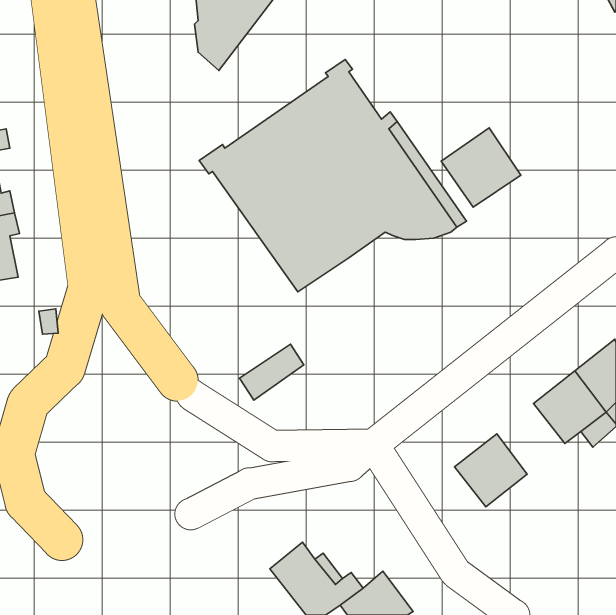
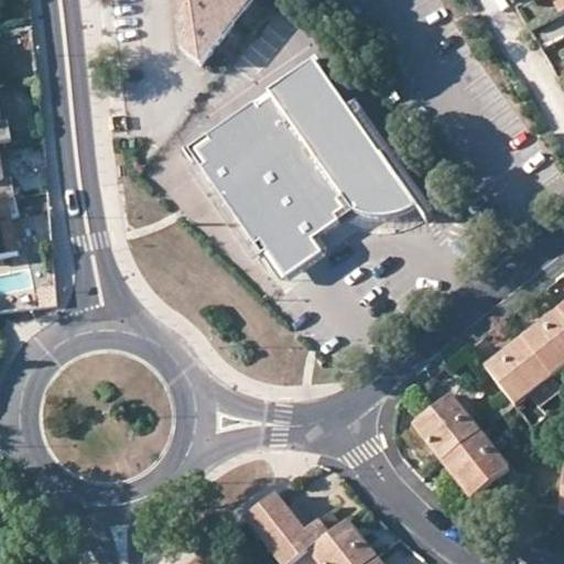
building: [441,128,521,207] -> none
building: [239,344,304,400] -> [270,234,328,284]
building: none -> [441,430,507,496]

